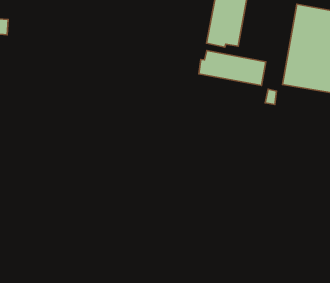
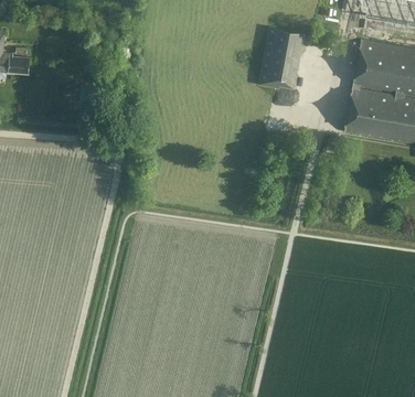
building: [199,50,266,86] -> none

